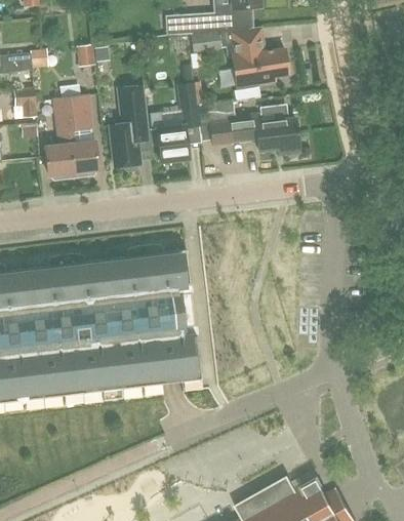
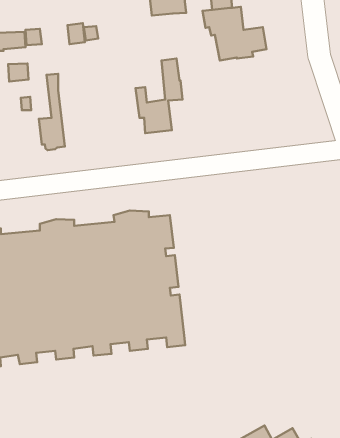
building: [109,86,149,171] -> none
building: [66,95,97,176] -> none
building: [197,104,298,154] -> none

